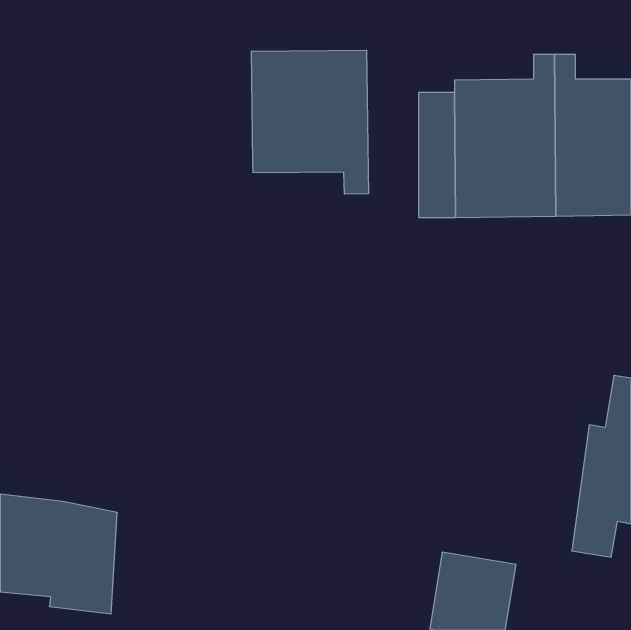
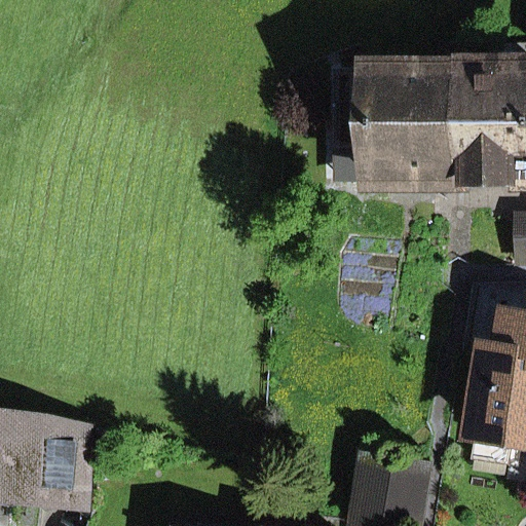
building: [252,50,368,194] -> none

